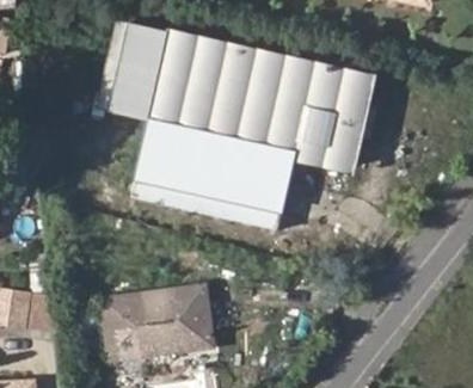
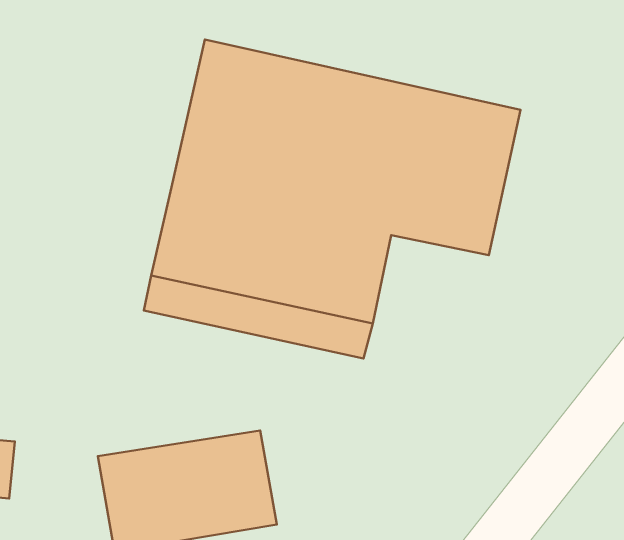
building: [109,21,170,125] -> none

